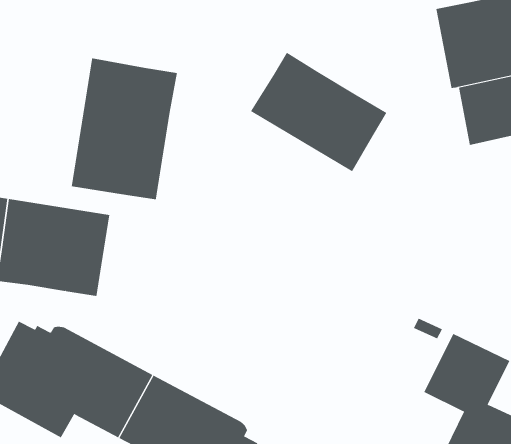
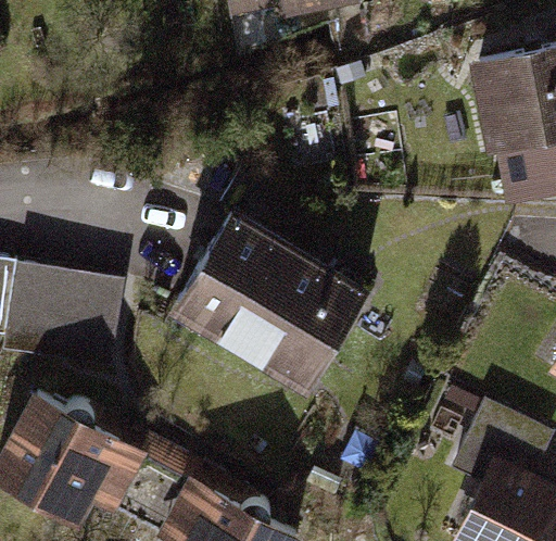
building: [250,52,387,172] -> none
building: [71,58,178,200] -> none
building: none -> [174,213,365,385]

